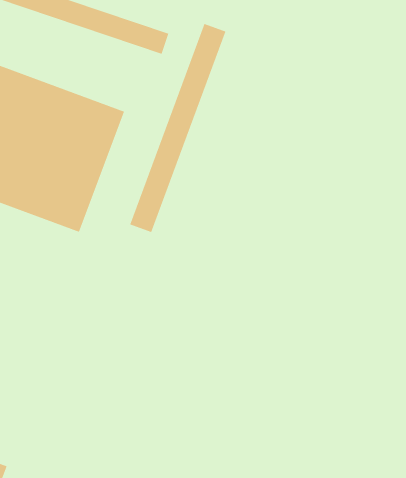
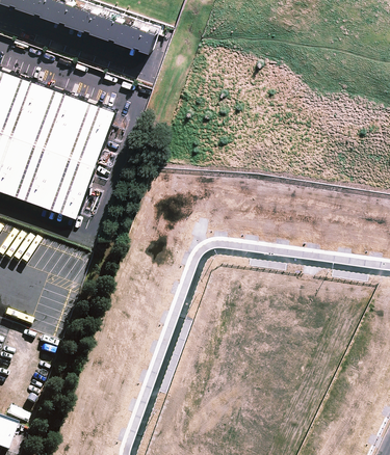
building: [129,23,226,233] -> none

